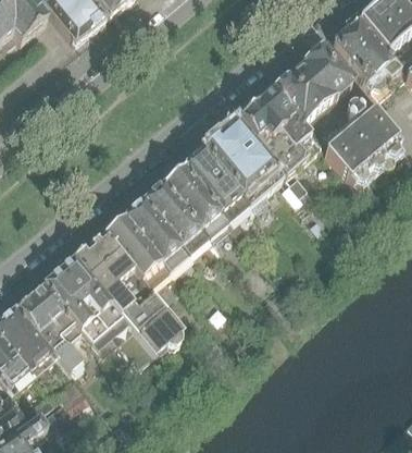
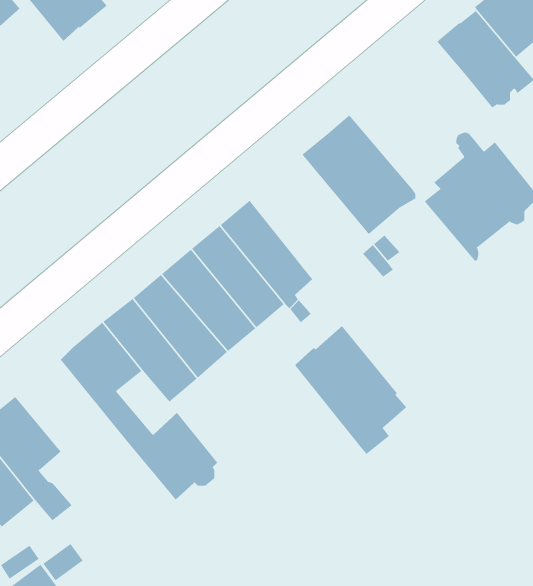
building: [273,44,352,137] -> none
building: [204,117,282,206] -> [295,325,407,455]
building: [43,255,153,364] -> none

